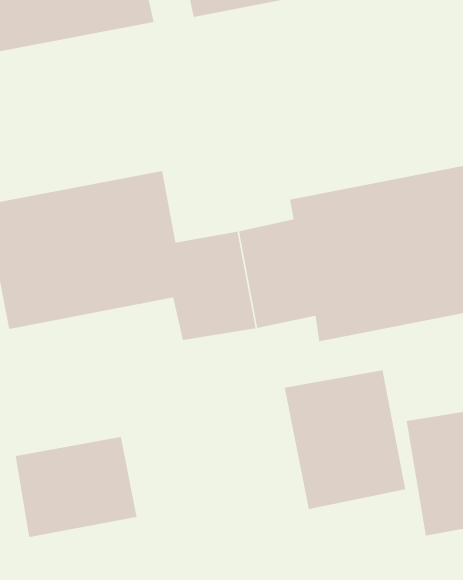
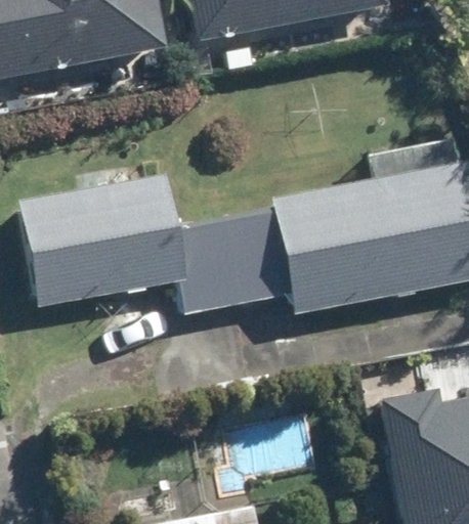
building: [284,370,406,510] -> none
building: [15,436,137,538] -> none

